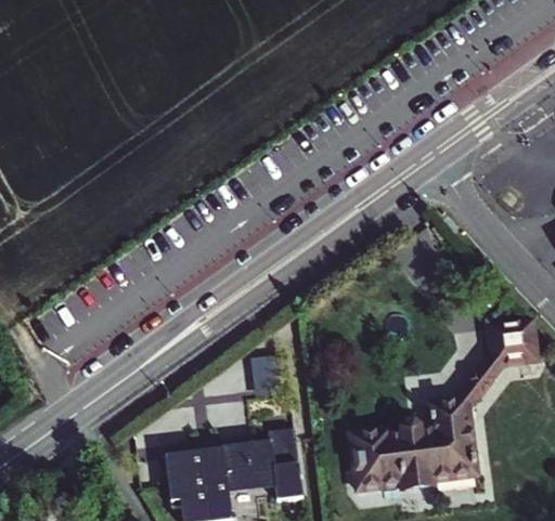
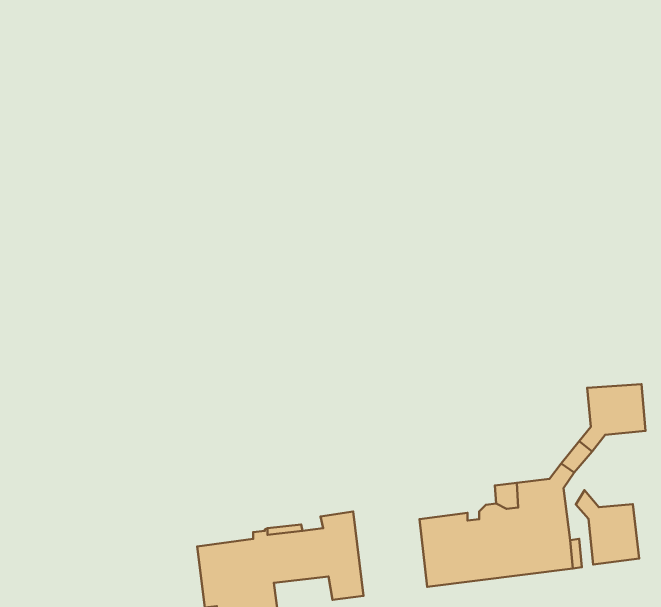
building: none -> [576,490,639,564]

